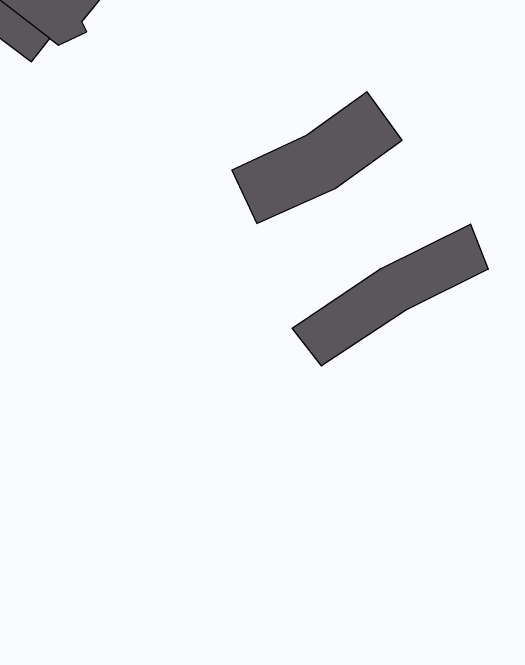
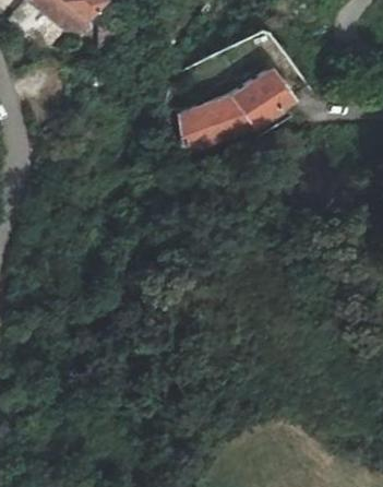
building: [292,224,488,366] -> none

